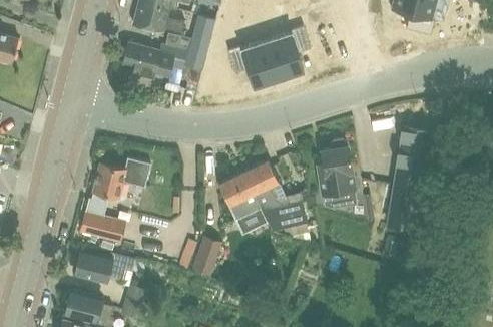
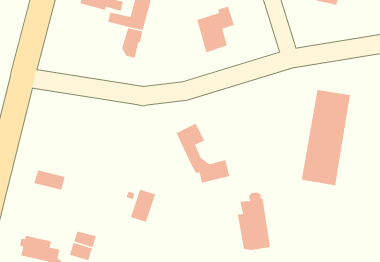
building: [227,42,279,88] -> none
building: [123,43,171,77] -> none
building: [318,139,357,208] -> [237,192,271,251]
building: [92,157,152,198] -> none
building: [218,173,261,221] -> none
building: [73,250,137,281] -> none

